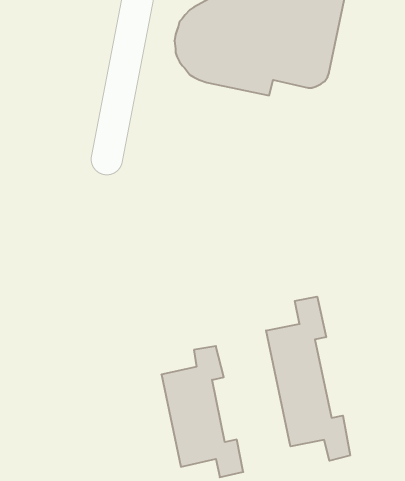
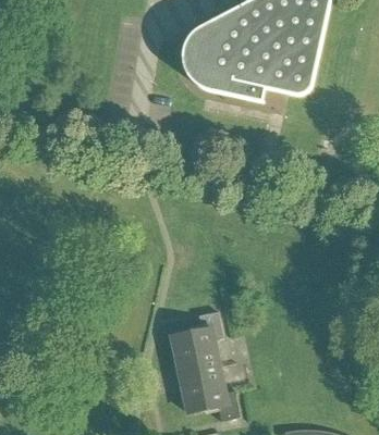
building: [266,297,350,461] -> none

